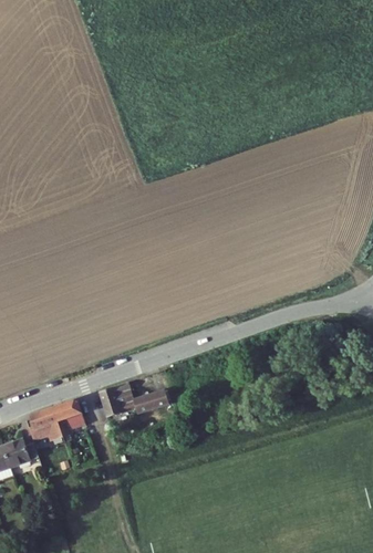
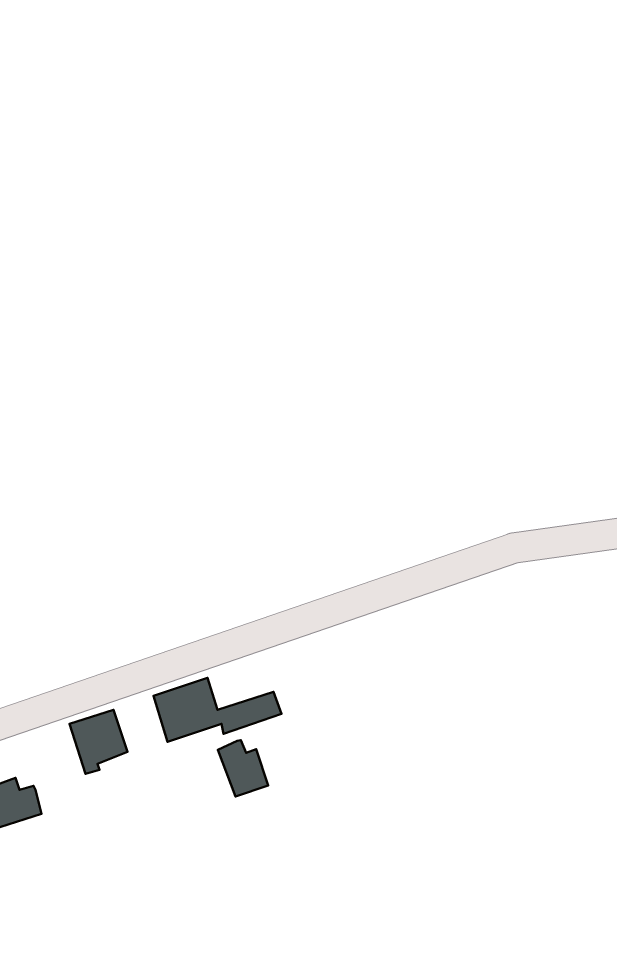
building: [27,408,59,438] -> none
building: none -> [218,740,268,796]

